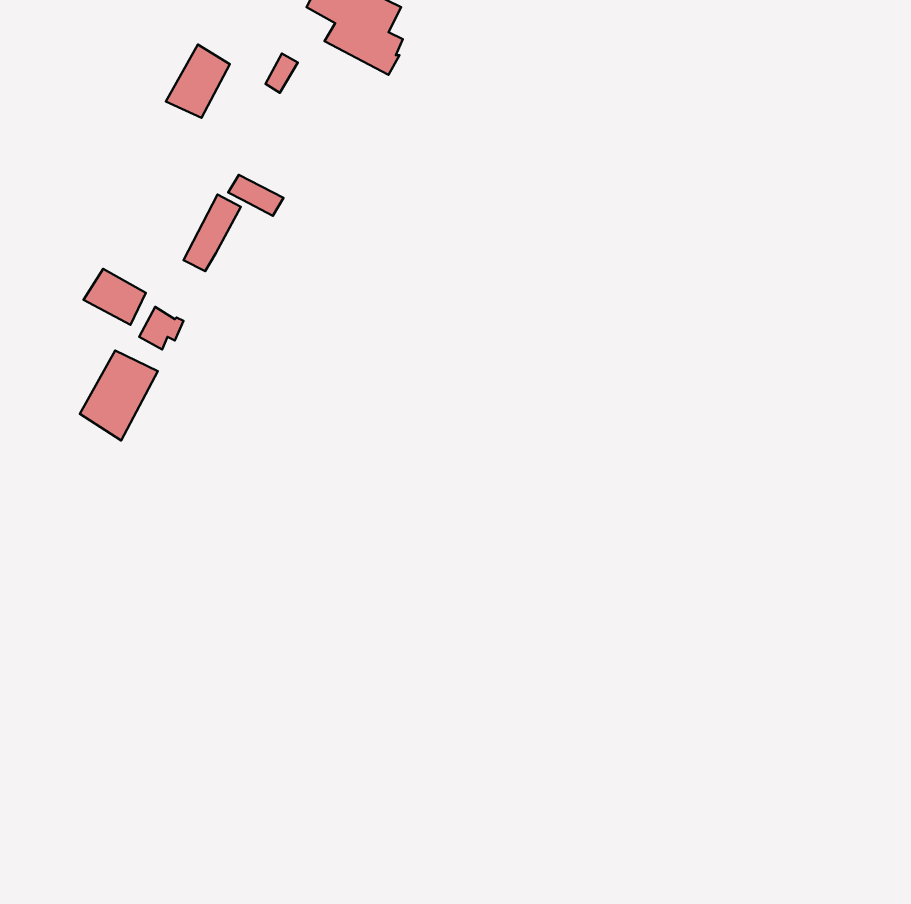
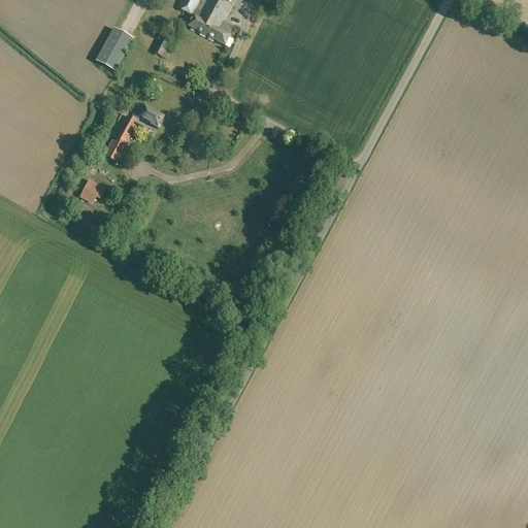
building: [83,269,146,325] -> none
building: [80,350,158,440] -> none

